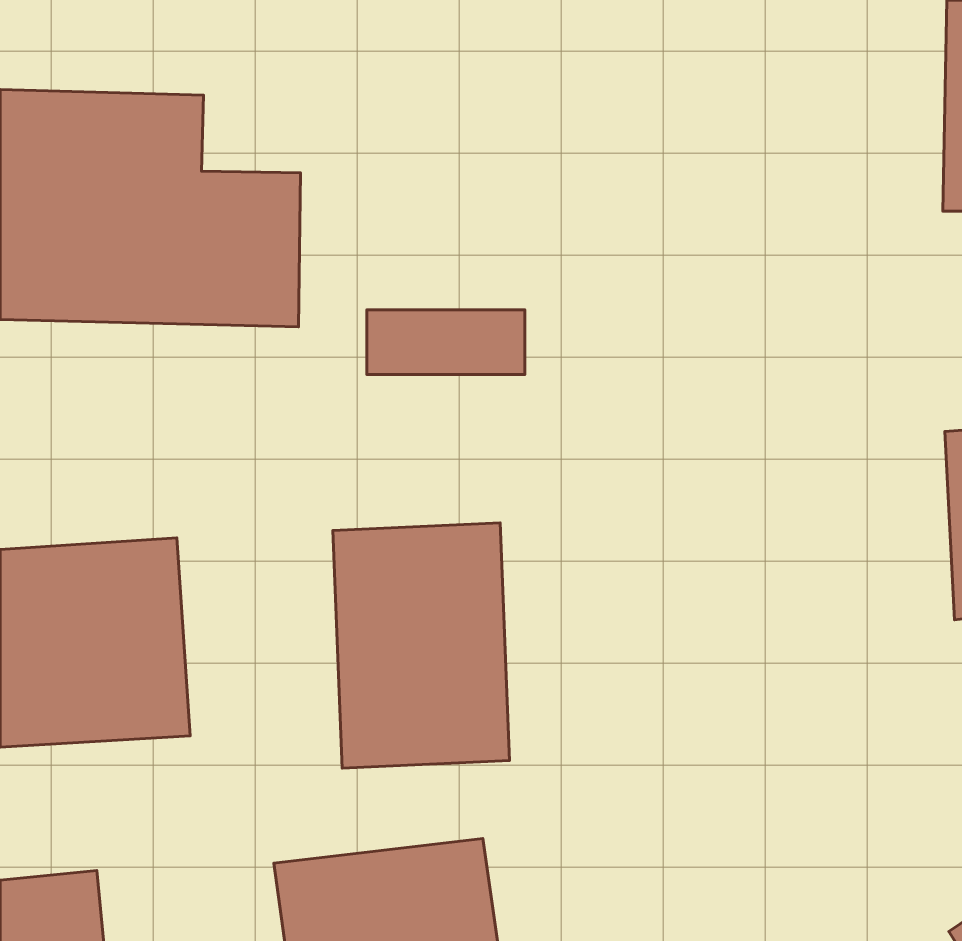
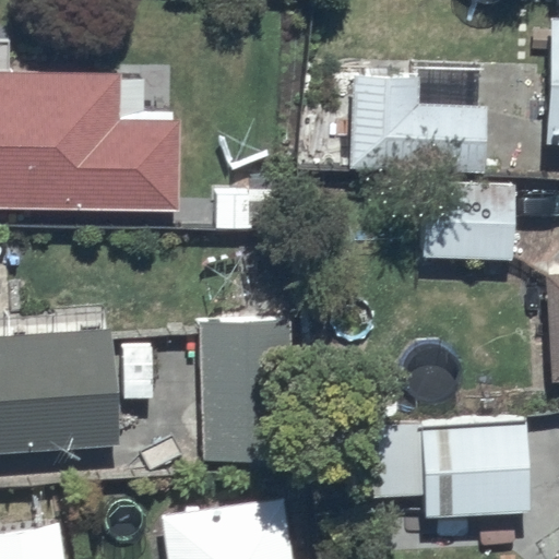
building: none -> [350,70,487,169]
building: none -> [424,179,519,261]
building: none -> [350,428,524,515]

